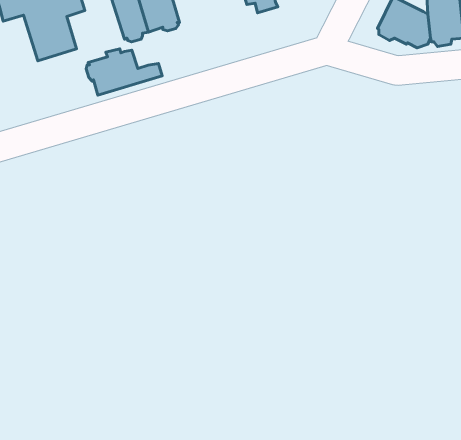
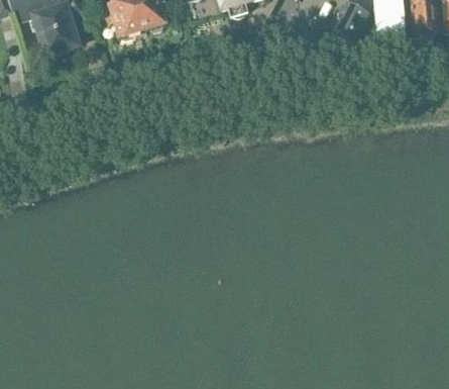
building: [86,49,162,95] -> none

